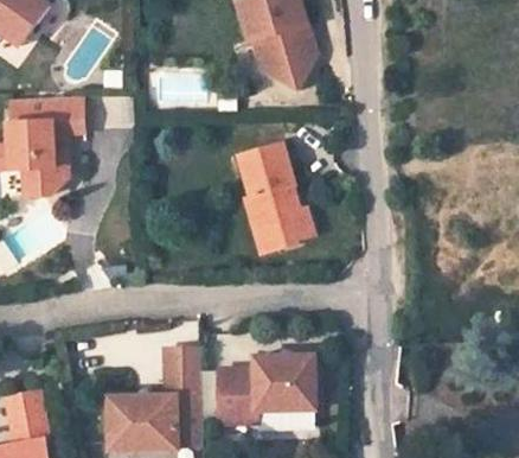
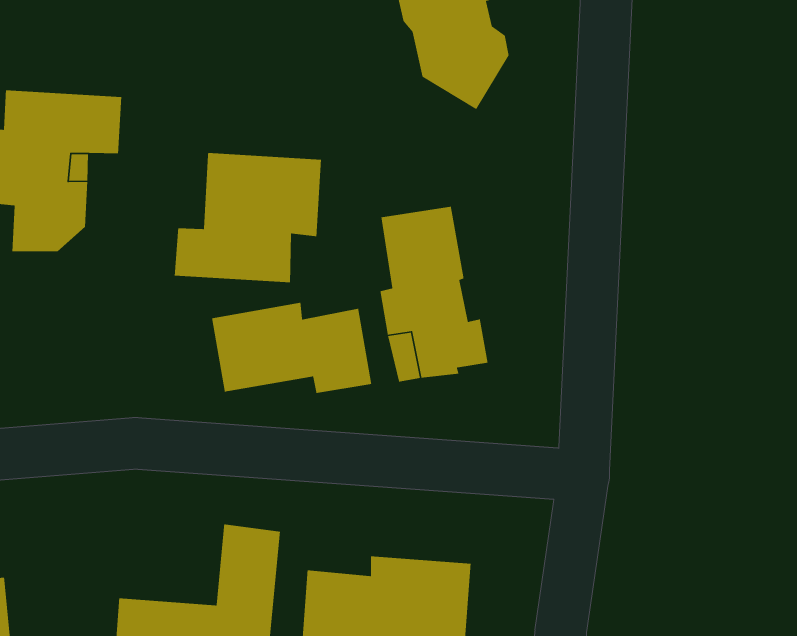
building: none -> [174,152,322,283]
building: none -> [211,302,372,394]

